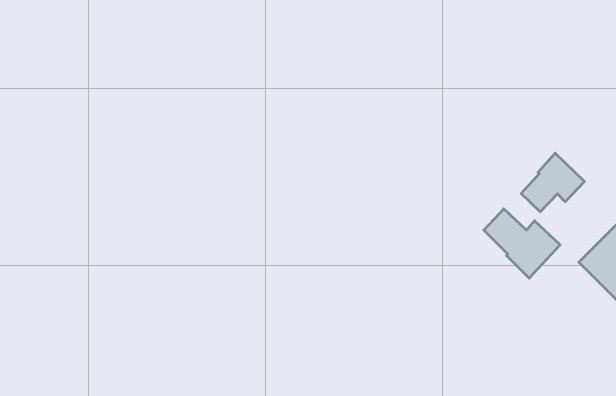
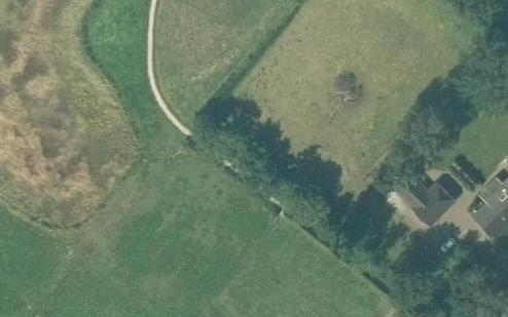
building: [521,153,584,212] -> none

